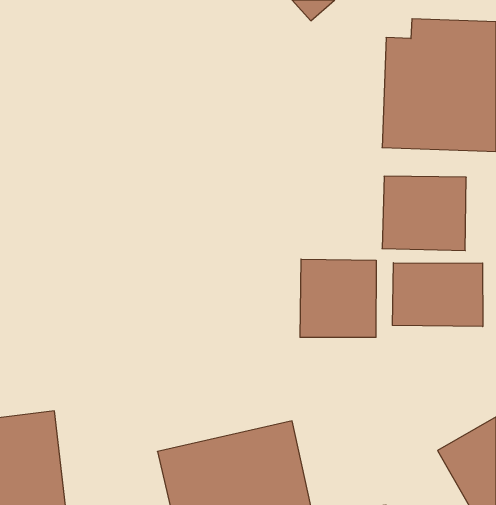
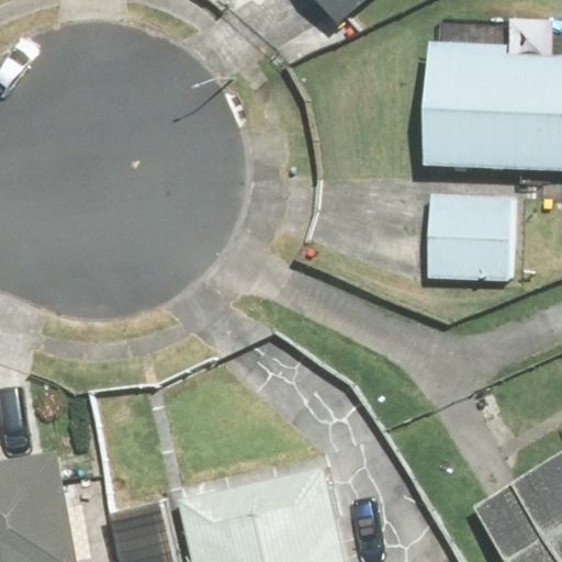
building: [300,259,376,337] -> none
building: [392,263,483,327] -> none

